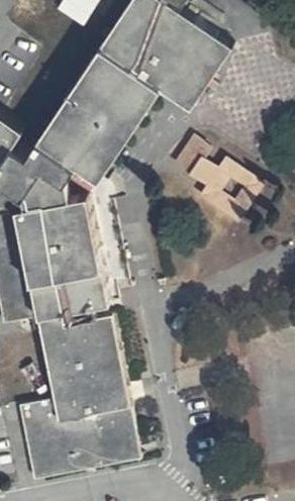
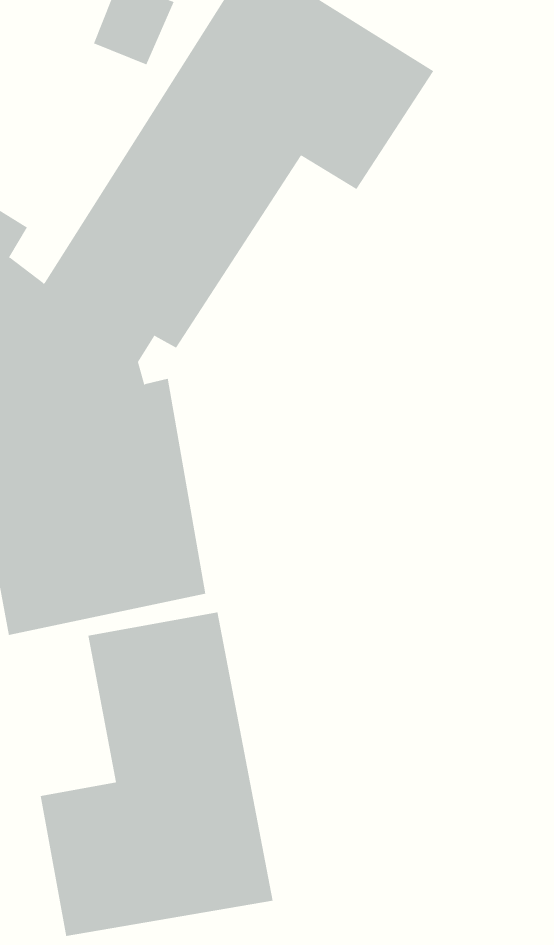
building: [173,132,259,216] -> none

